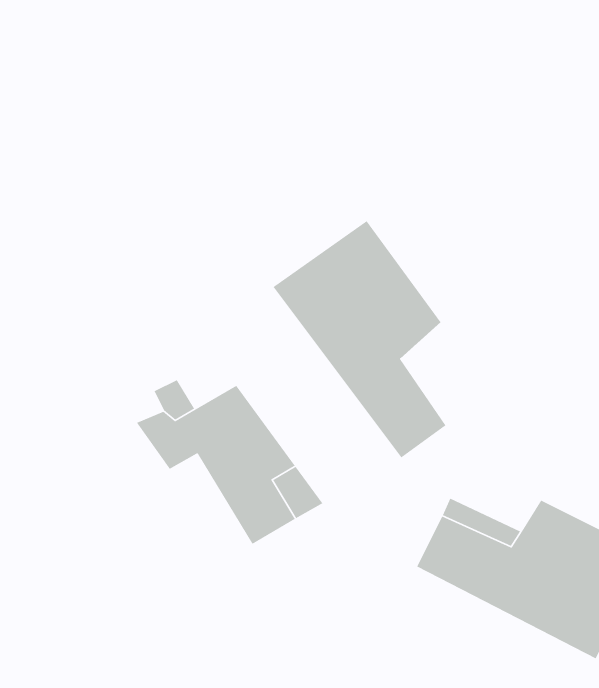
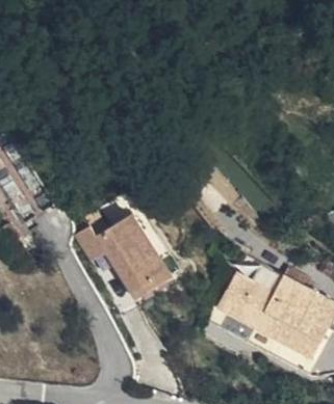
building: [272,220,447,458] -> none

